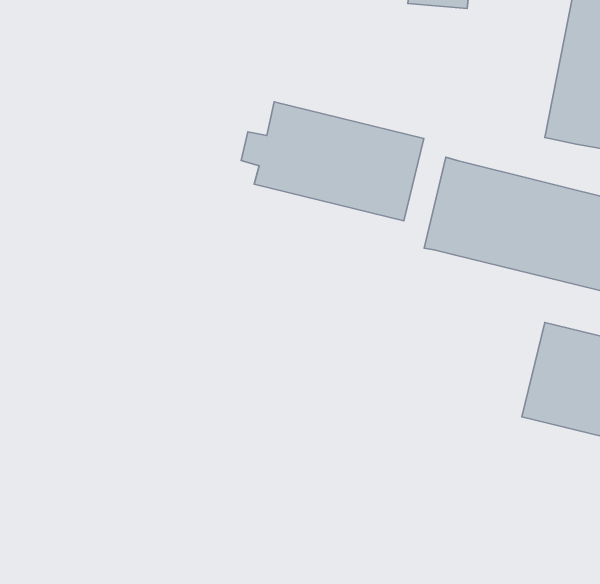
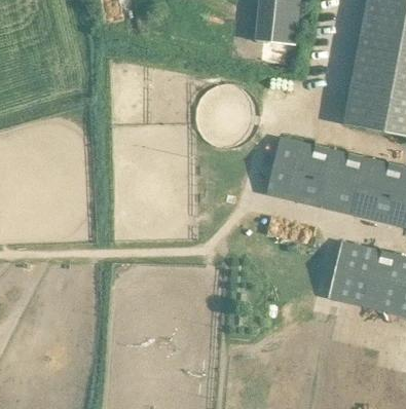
building: [241,102,424,221] -> none

